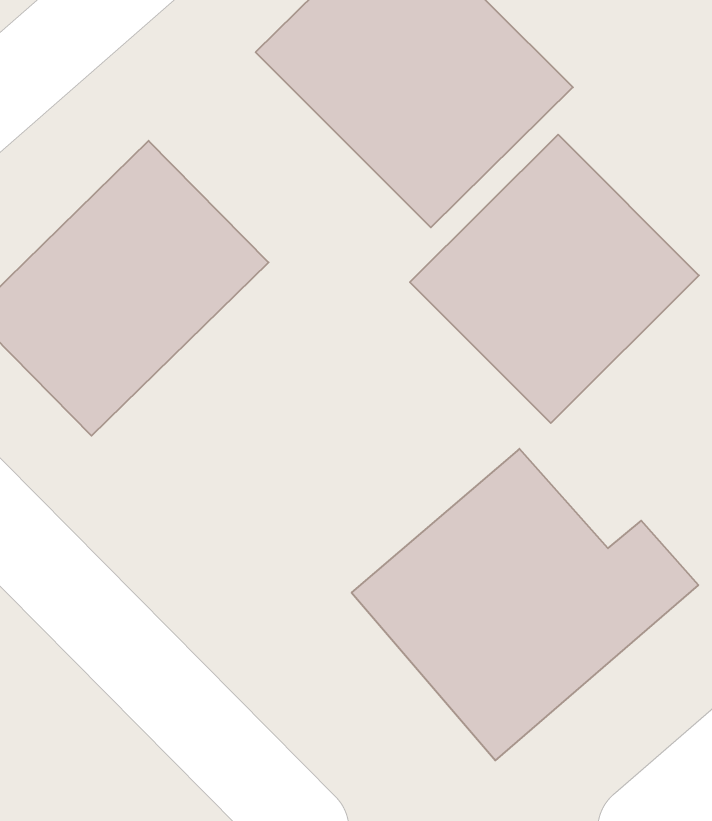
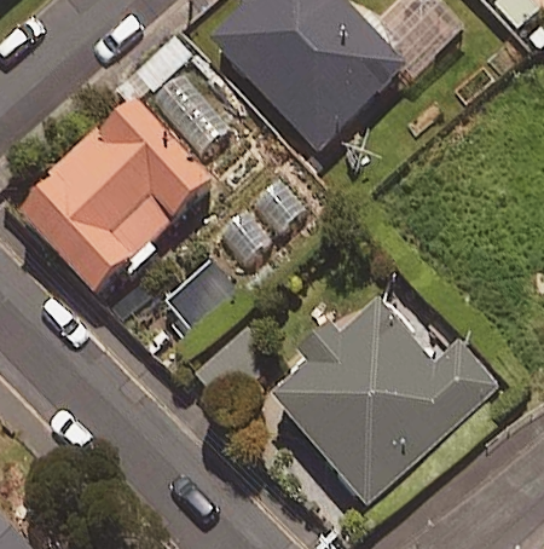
building: [410,135,699,423] -> none

